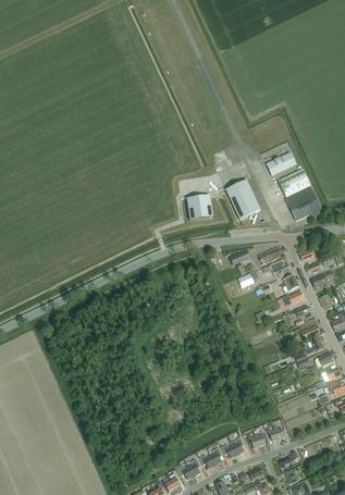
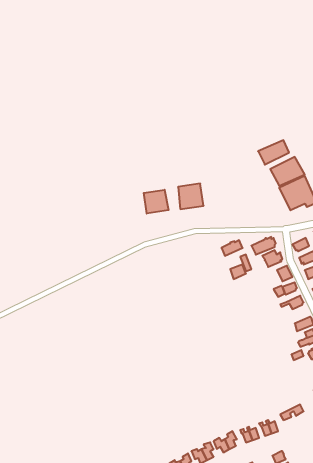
building: [225,180,260,219] -> none
building: none -> [144,190,169,214]

